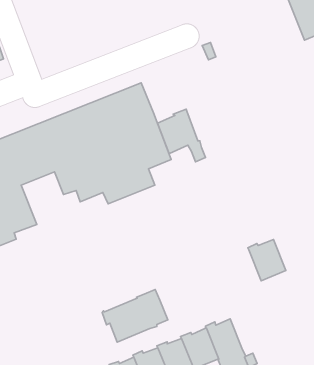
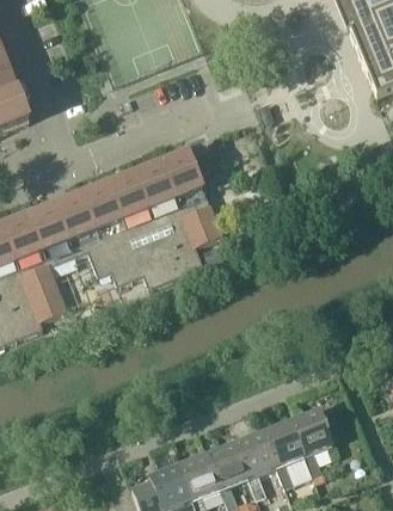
building: [157,109,206,162] -> none
building: [248,239,286,281] -> [289,406,333,454]
building: [102,290,168,342] -> none

